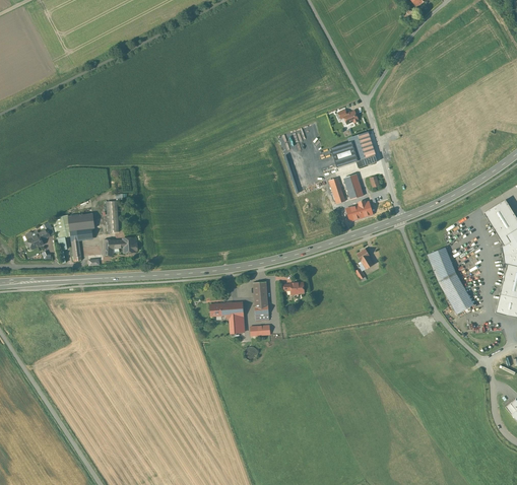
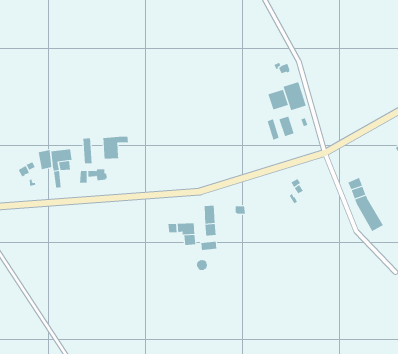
building: none -> [103,136,128,159]
building: [347,200,382,220] -> none

